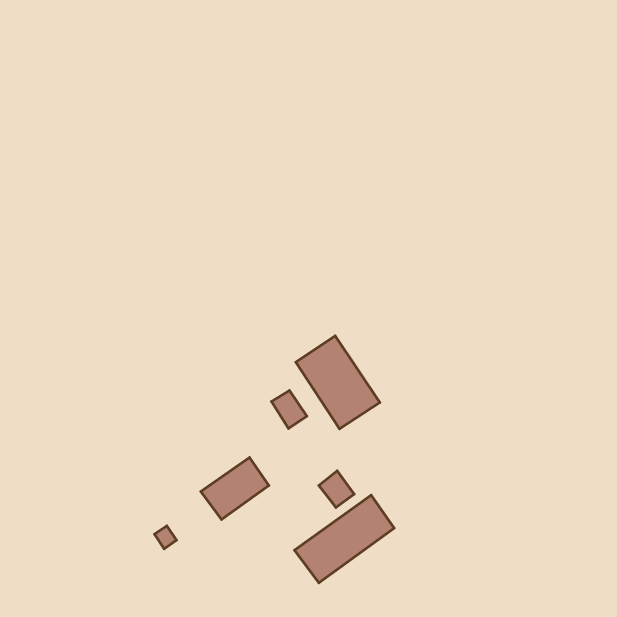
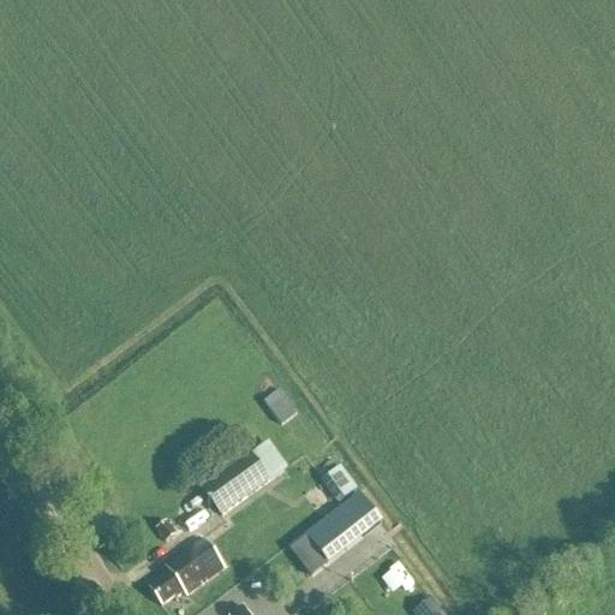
building: [296,336,380,429] -> none
building: none -> [144,537,221,603]

